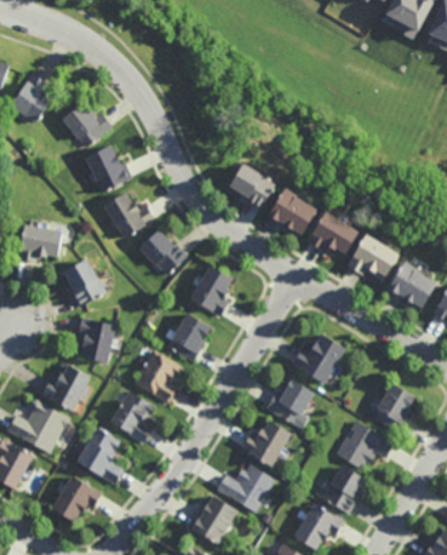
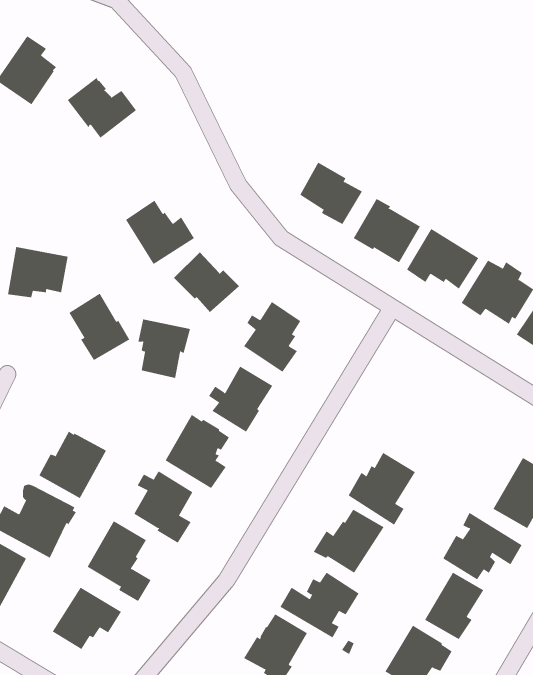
building: [85,144,132,193] -> none
building: [79,319,118,362] -> [138,319,191,379]
building: [292,334,344,382] -> none

